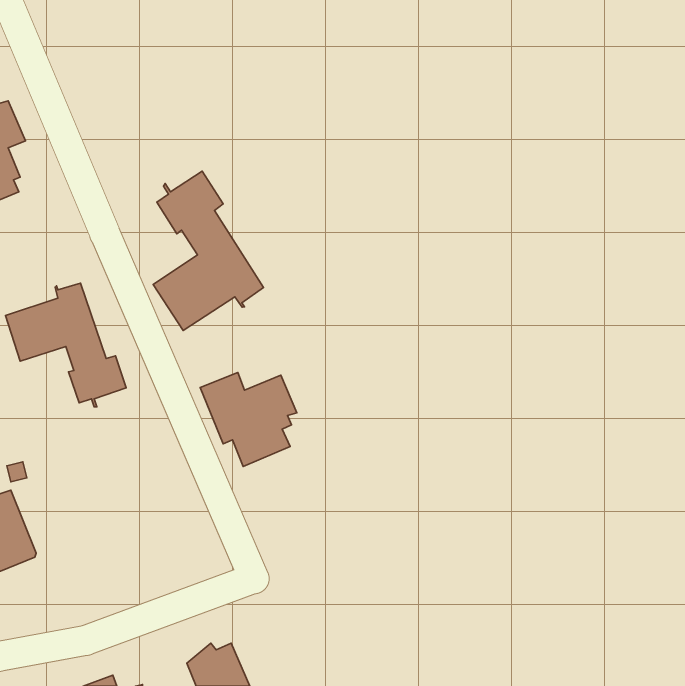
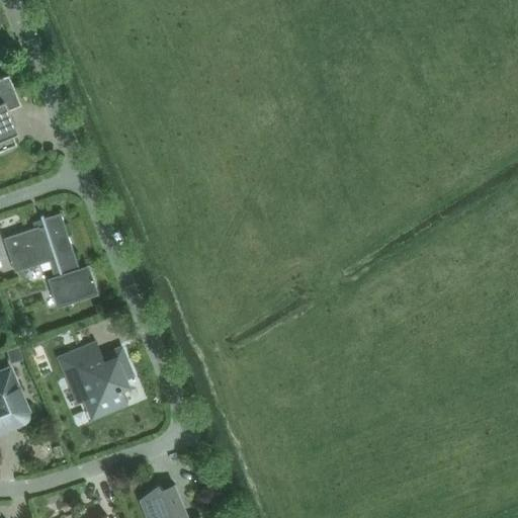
building: [153,171,263,331] -> none
building: [200,373,297,467] -> [60,347,133,418]

